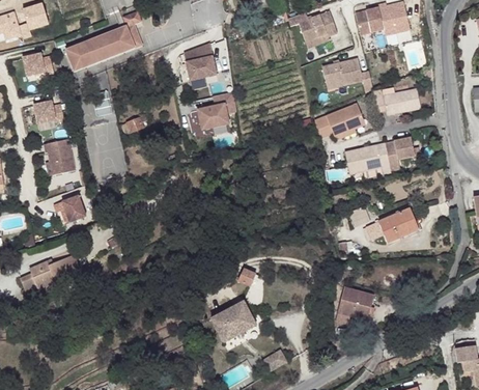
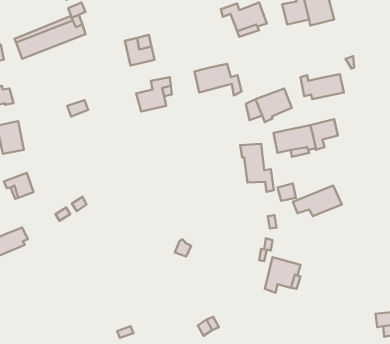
building: [321,58,372,92] -> [194,64,241,95]
building: none -> [240,144,274,192]
building: [210,301,255,342] -> none

